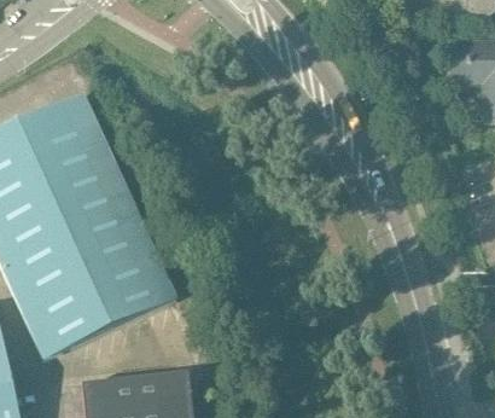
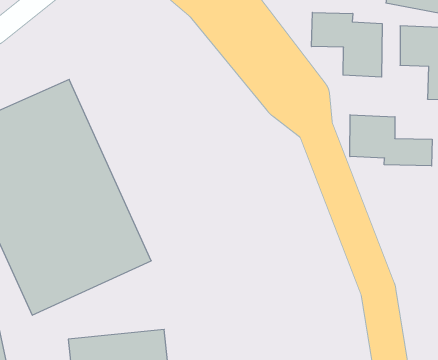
building: none -> [312,12,382,77]
building: none -> [350,115,432,166]

